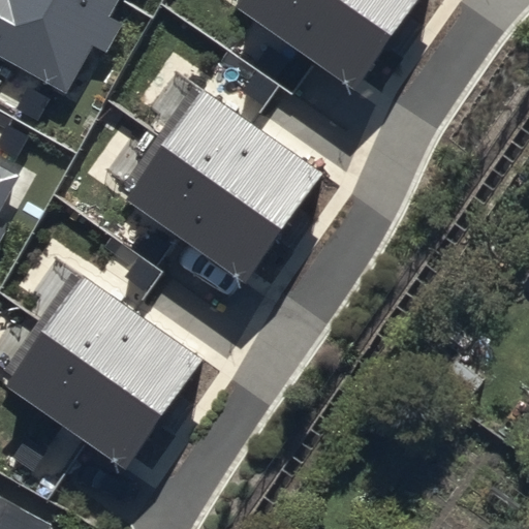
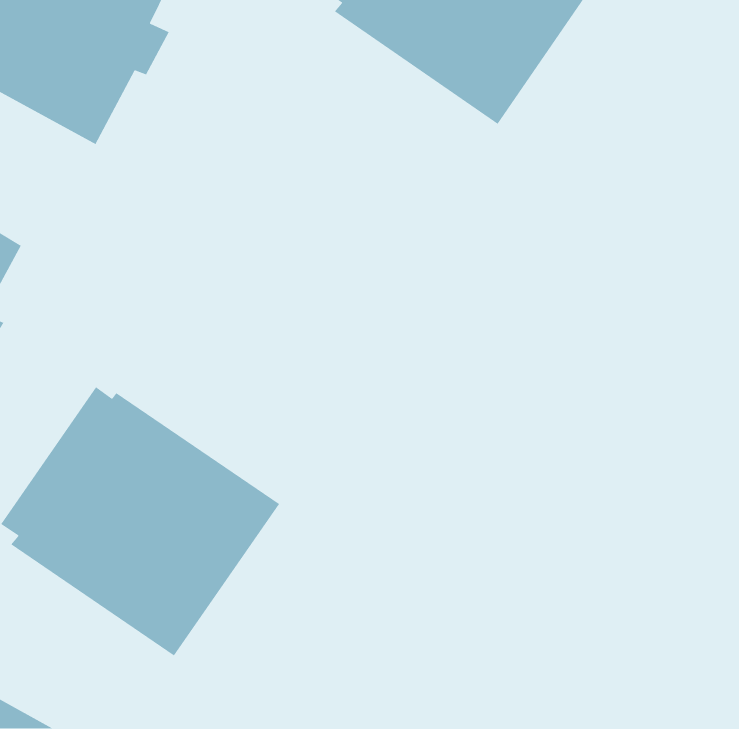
building: [121,86,320,280] -> none

